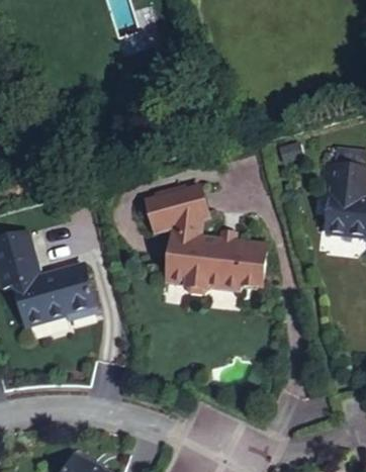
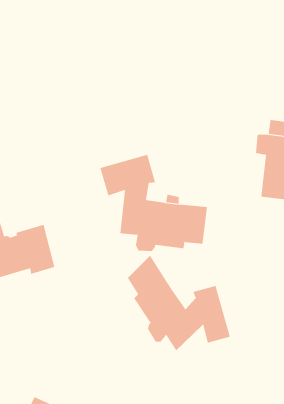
building: none -> [127,255,231,351]

